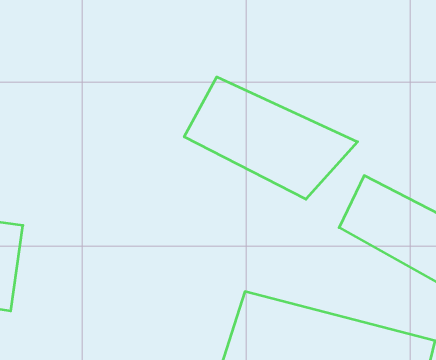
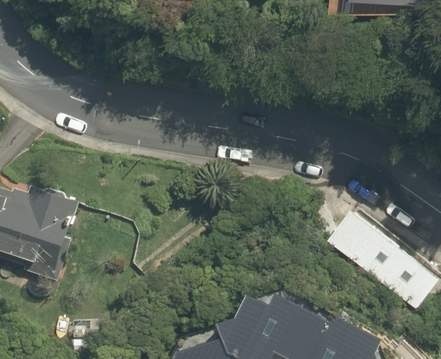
building: [184,77,358,199] -> none

